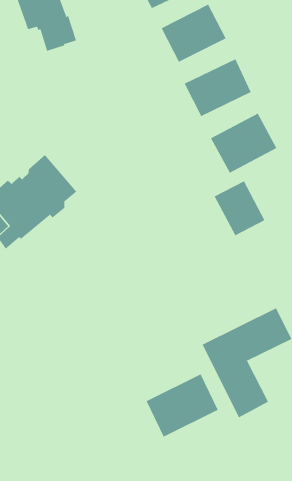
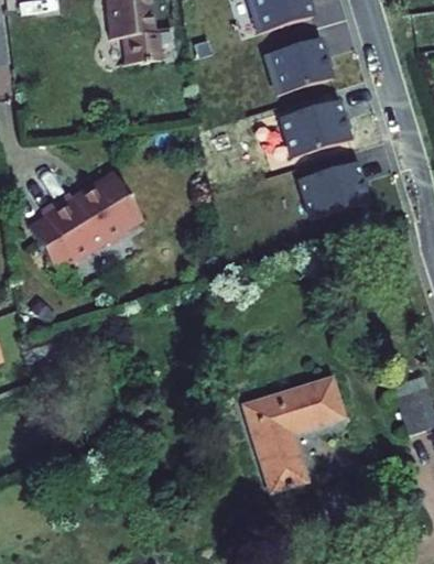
building: [214,180,265,236] -> none
building: [146,373,218,437] -> none

